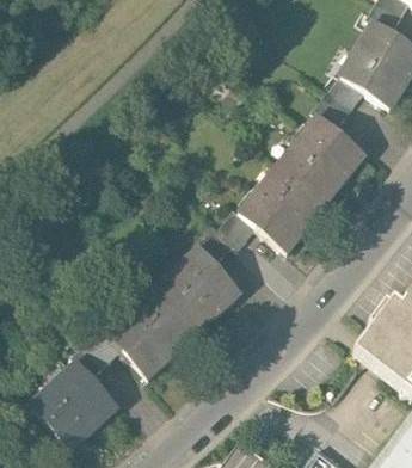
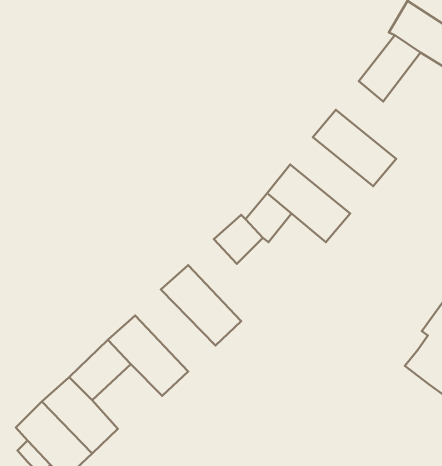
building: [297,115,367,179] -> none
building: [259,161,328,224] -> none
building: [174,246,240,314] -> none
building: [130,288,197,356] -> none

